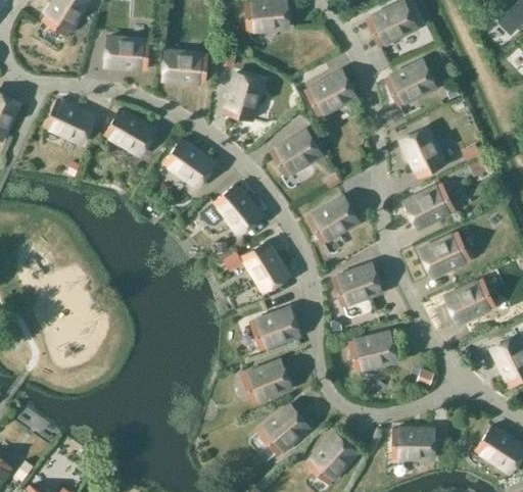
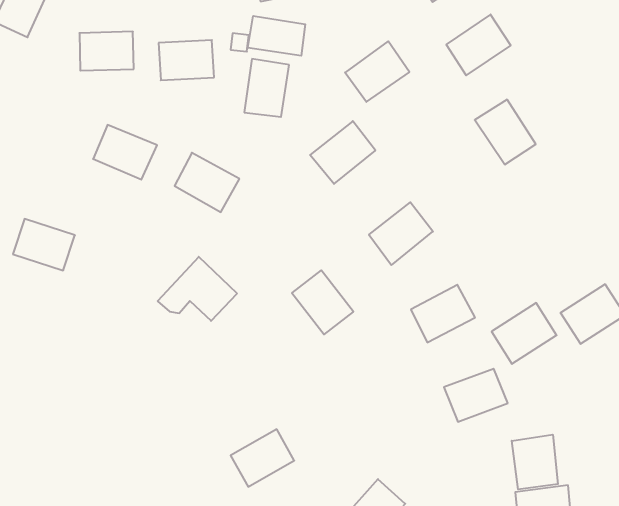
building: none -> [248,16,305,56]
building: [46,99,95,142] -> [13,219,75,270]
building: [201,183,263,233] -> [158,257,237,321]
building: [405,185,454,229] -> none
building: [420,233,469,277] -> [492,303,557,364]
building: [252,307,300,347] -> none
building: [244,359,292,400] -> [231,429,294,487]
building: none -> [512,435,558,489]

